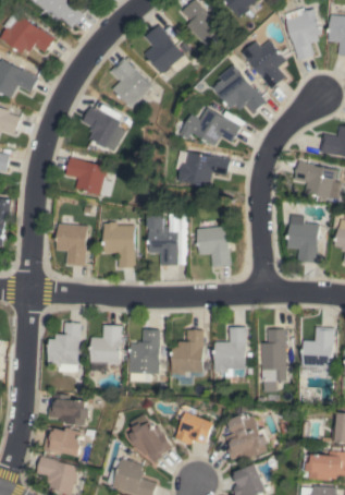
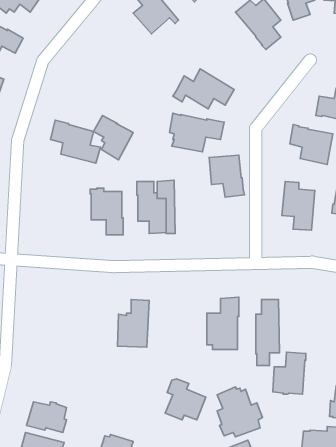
building: [111,57,151,106] -> none
building: [215,64,268,113] -> none
building: [82,106,120,148] -> [94,116,133,160]
building: [56,222,88,266] -> none
building: [197,226,231,266] -> [209,155,244,197]
building: [48,322,82,372] -> none
building: [90,325,122,364] -> none
building: [303,326,334,366] -> [273,352,306,394]
building: [172,329,202,385] -> none
building: [49,398,89,424] -> none
building: [131,412,173,461] -> none

